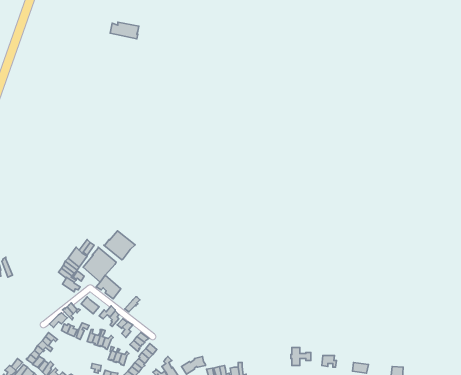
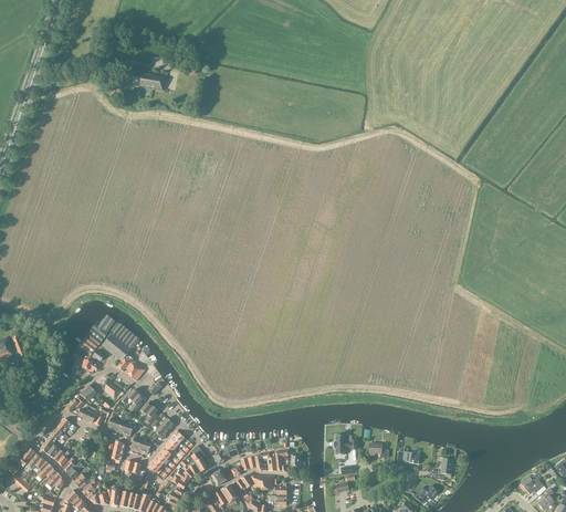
building: [104,231,135,260] -> none

